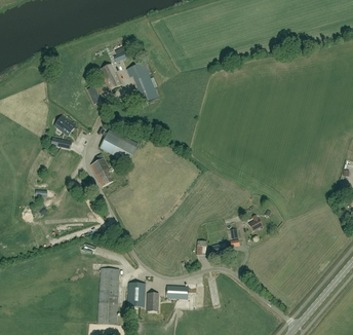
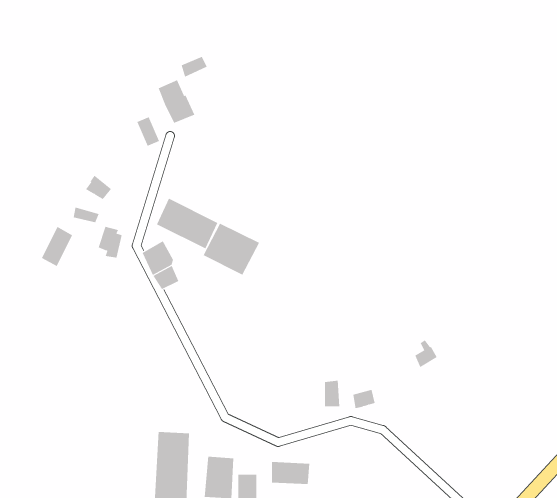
building: [126,61,154,92] -> none
building: none -> [203,223,260,275]

